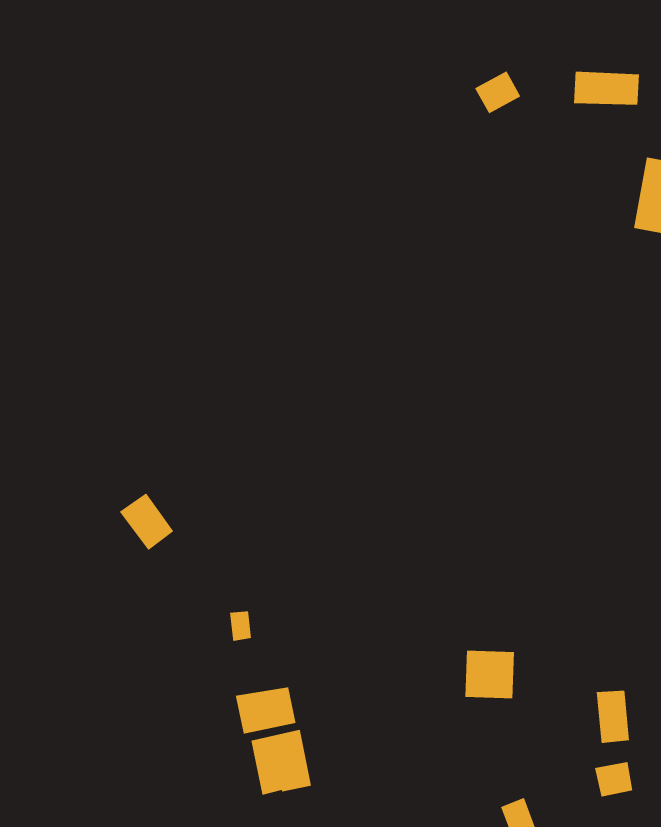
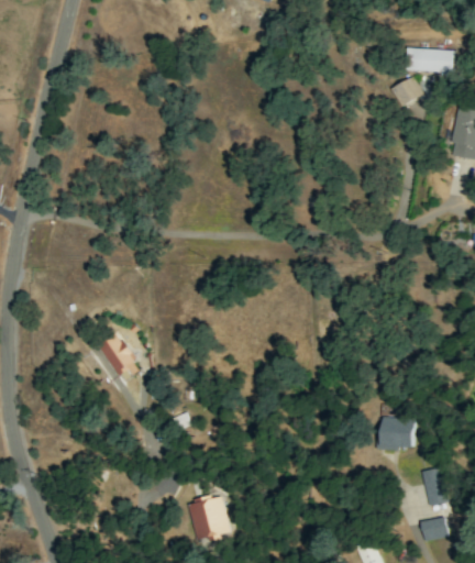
building: [474,70,521,114] -> [393,77,424,107]
building: [464,650,515,699] -> [380,417,415,450]
building: [235,686,296,734] -> none

